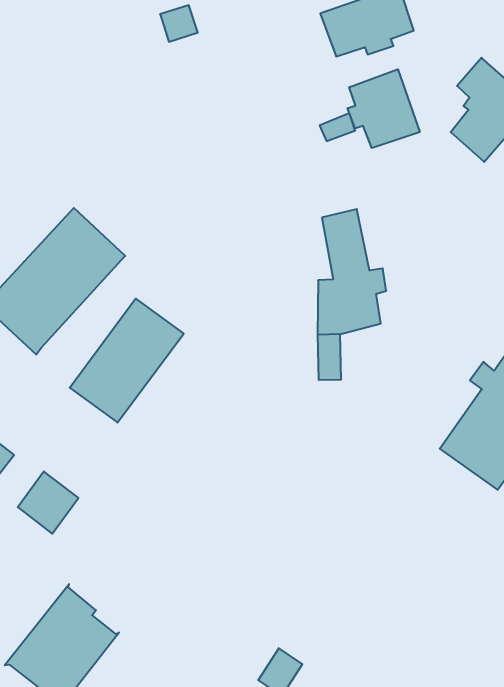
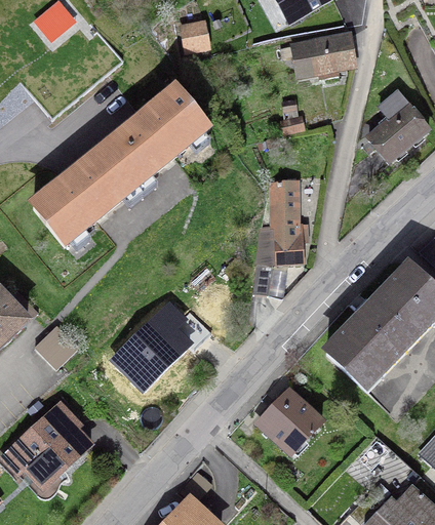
building: [348,69,420,148] -> none
building: none -> [105,90,206,187]
building: [70,299,184,423] -> [115,305,198,387]
building: none -> [259,390,320,452]

